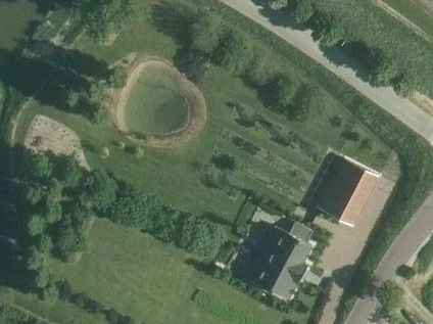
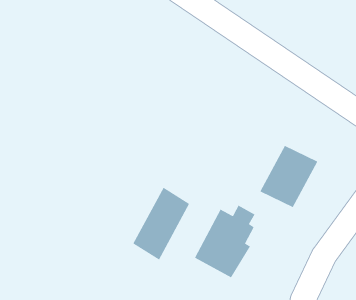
building: none -> [133,187,190,261]

